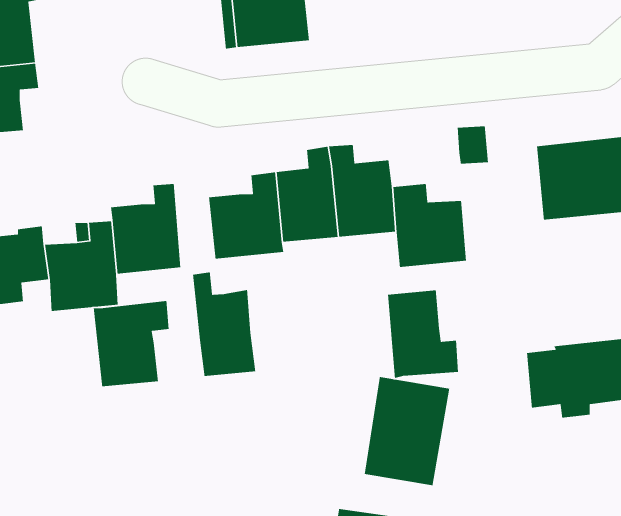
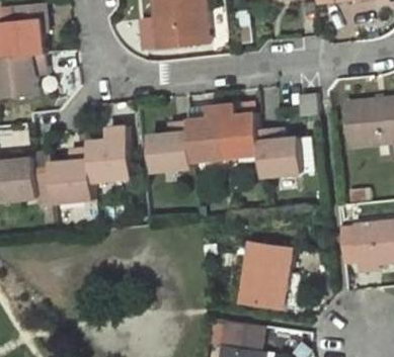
building: [192,271,256,377] -> none
building: [387,289,459,379] -> none
building: [93,300,170,387] -> none

